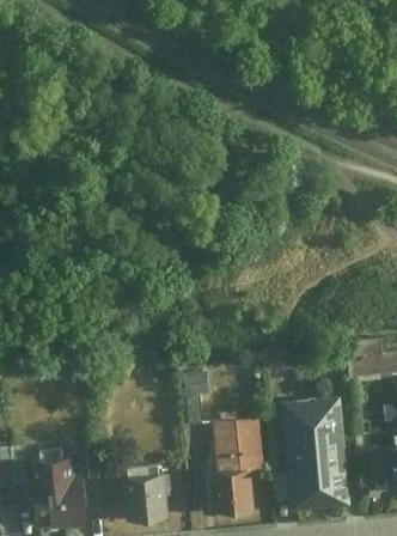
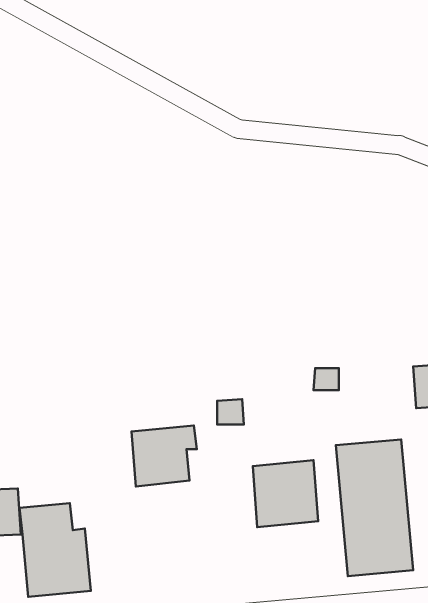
building: [221,468,264,513] -> none
building: [122,470,175,519] -> [131,425,197,486]

